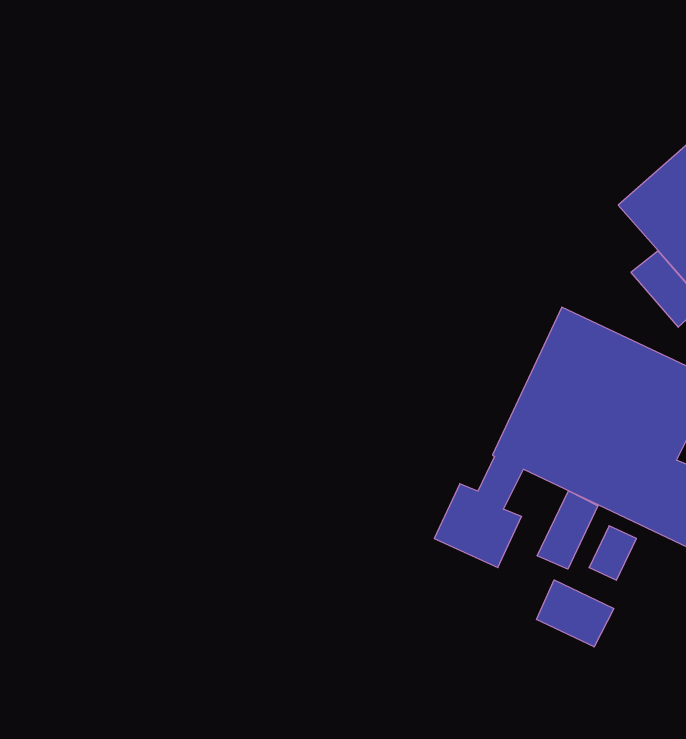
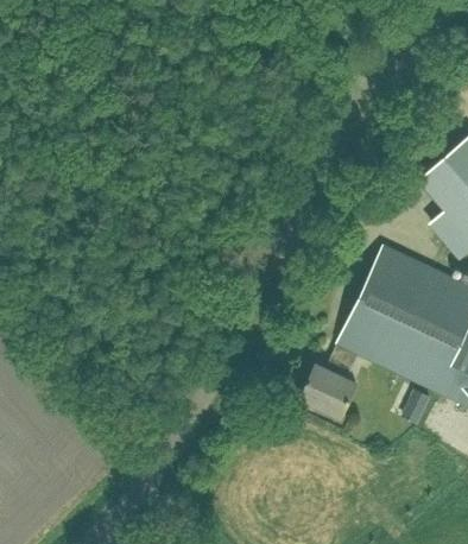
building: [537,491,598,569] -> none
building: [537,580,614,647] -> none

